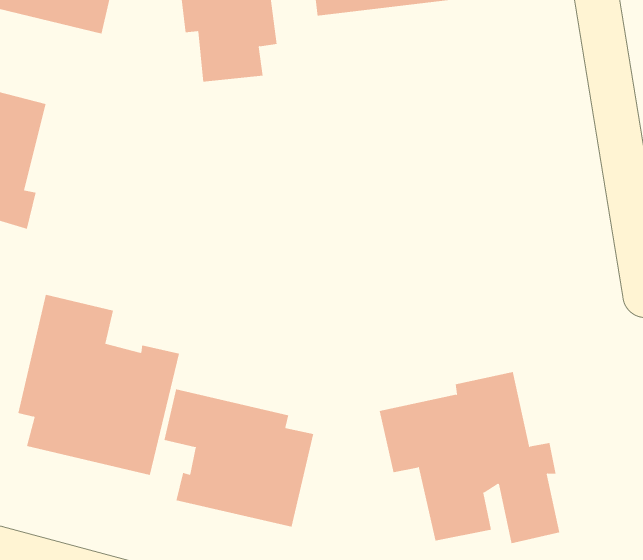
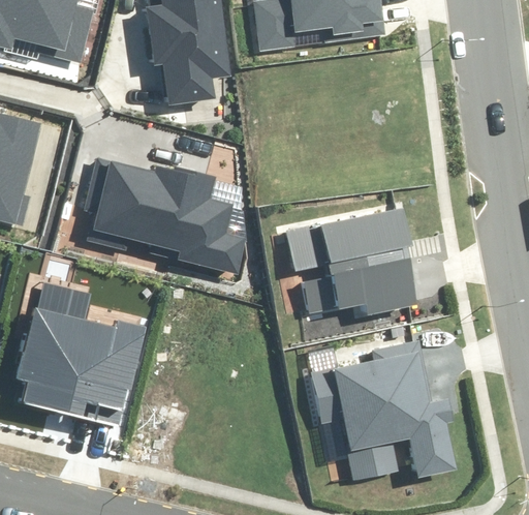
building: none -> [82,158,242,272]
building: none -> [289,211,419,317]
building: [164,388,314,527] -> none

